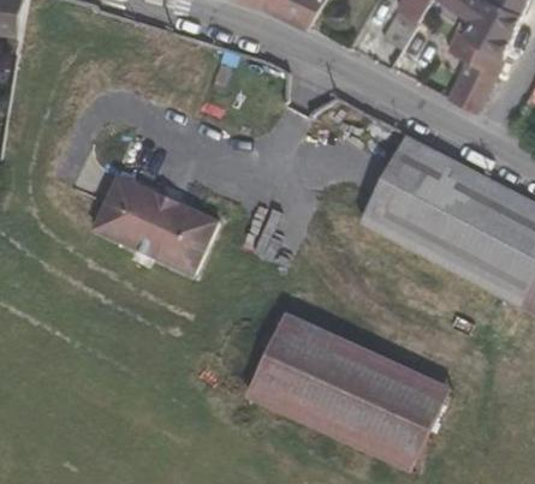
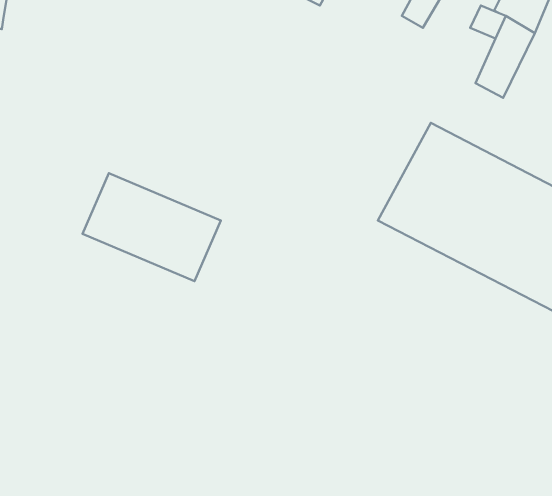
building: [245,317,435,466] -> none

